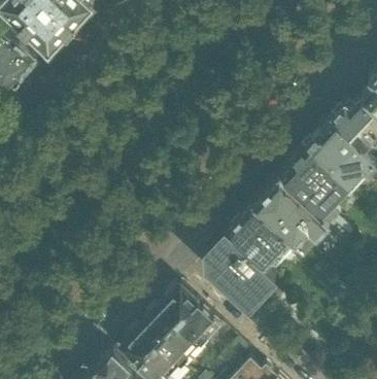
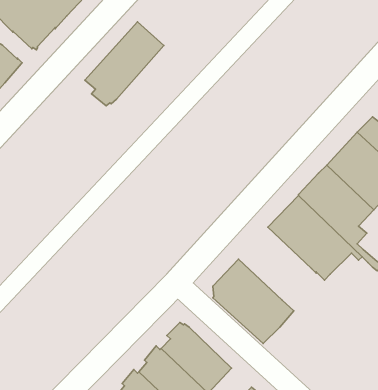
building: none -> [85,22,164,106]
building: [225,210,288,274] -> none

